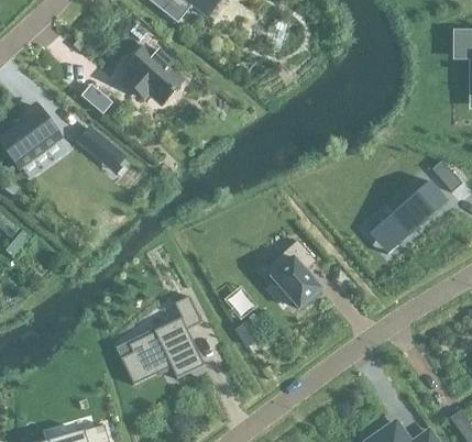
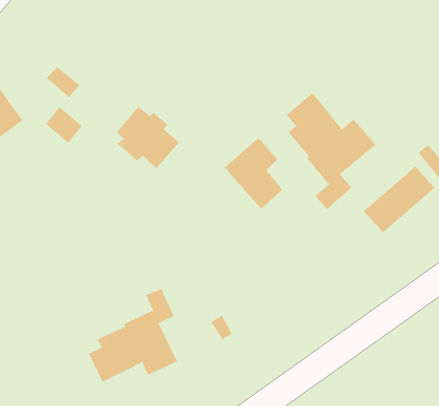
building: [122,45,183,104] -> [116,106,180,169]
building: none -> [286,92,376,210]
building: [263,240,319,308] -> [224,137,283,210]

